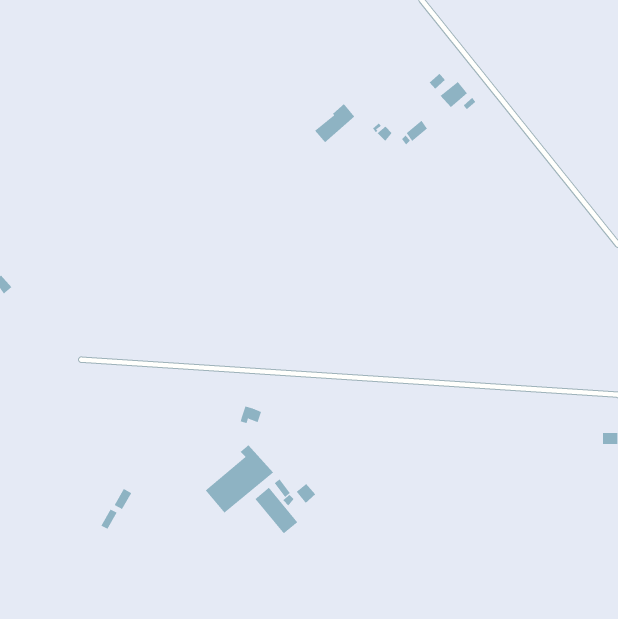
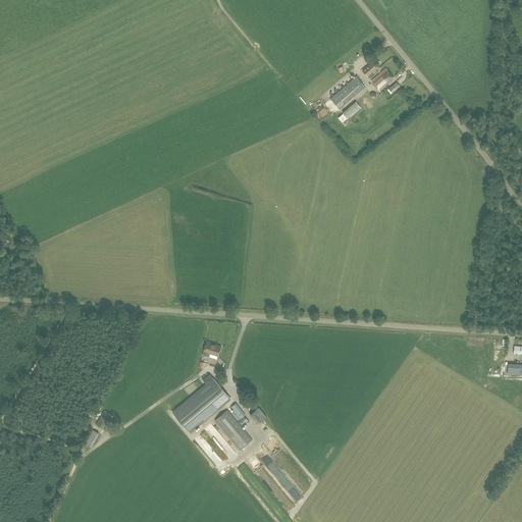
building: [314,103,355,143] -> [329,75,364,109]

